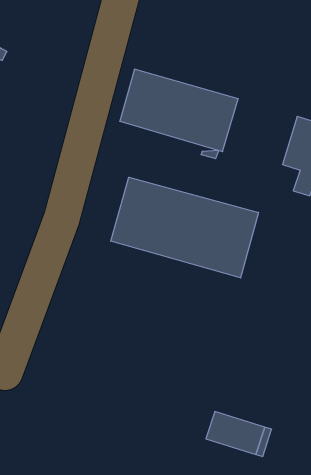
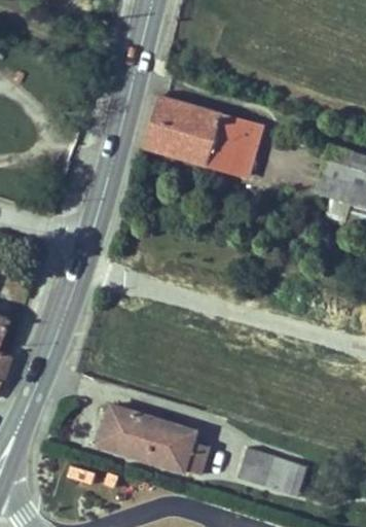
building: [111,177,258,278] -> none
building: none -> [93,398,210,482]

